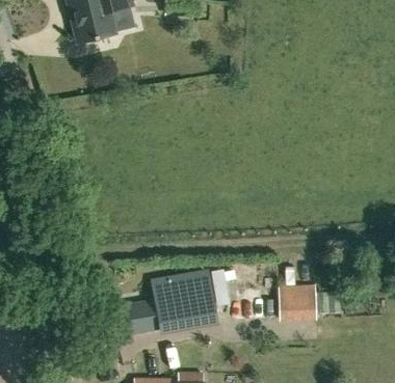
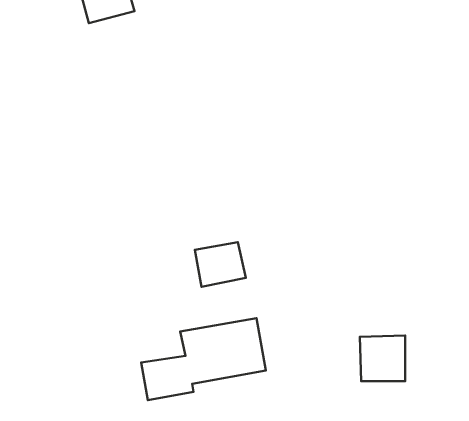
building: none -> [195,242,246,287]

